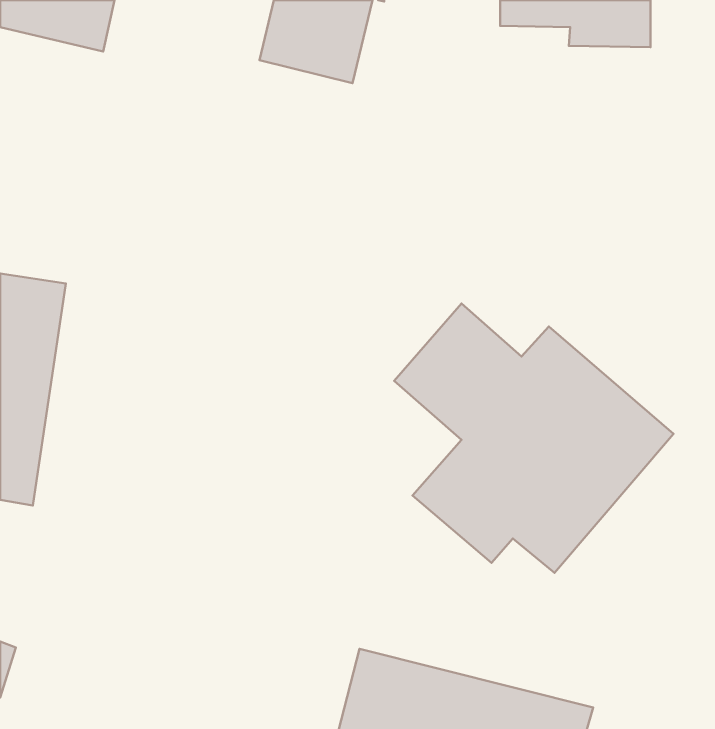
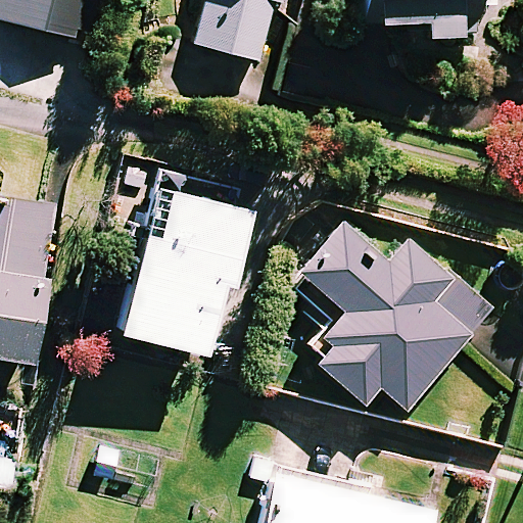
building: none -> [113,172,248,352]

